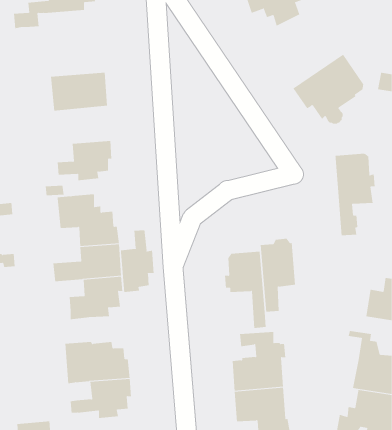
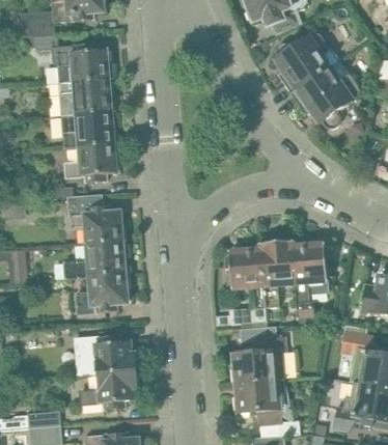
building: none -> [274,33,339,94]
building: none -> [31,34,112,83]
building: none -> [62,111,117,148]
building: [334,150,376,236] -> [290,242,330,324]
building: [119,229,154,293] -> none

